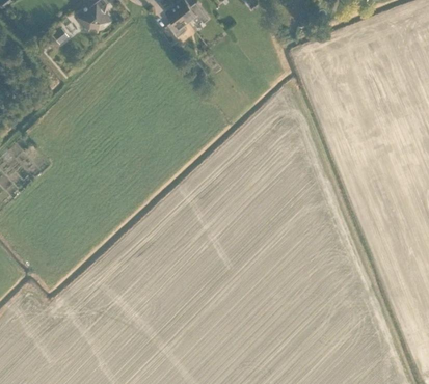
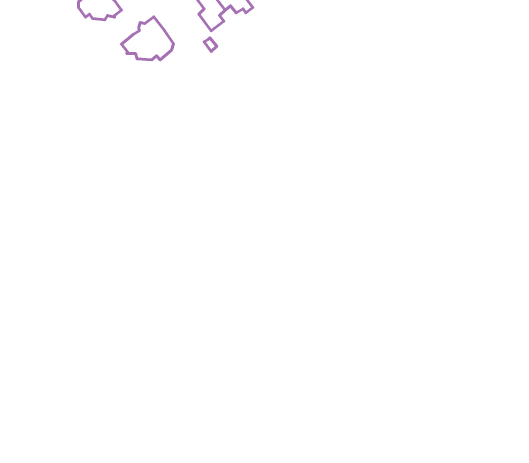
building: none -> [122,17,174,60]

